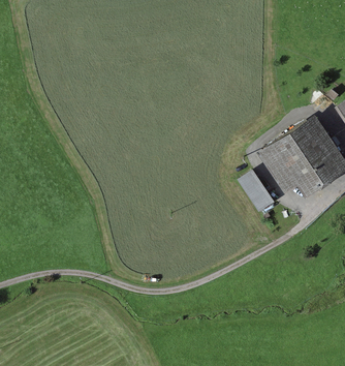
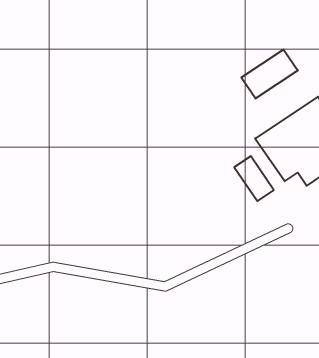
building: none -> [241,49,298,99]

